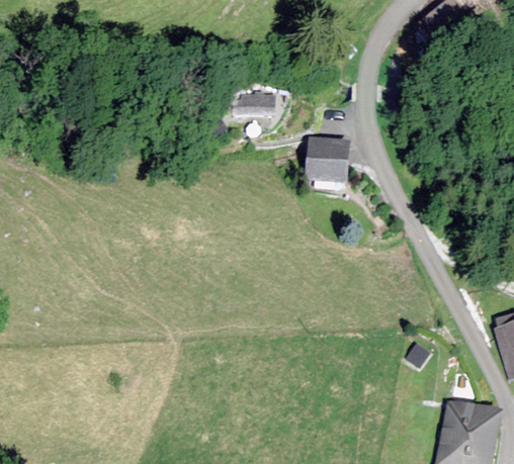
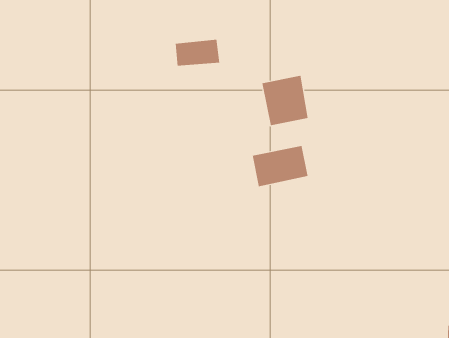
building: none -> [252,145,308,187]

